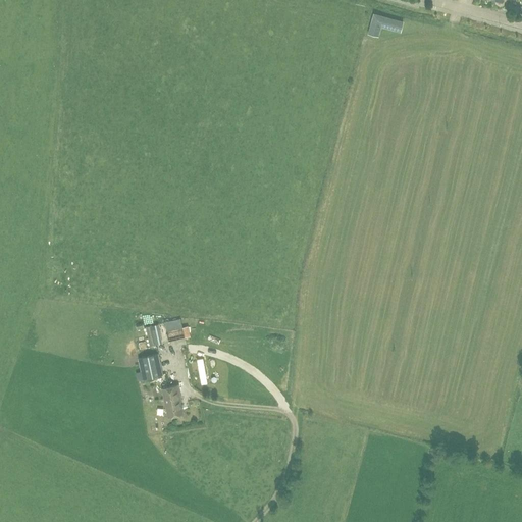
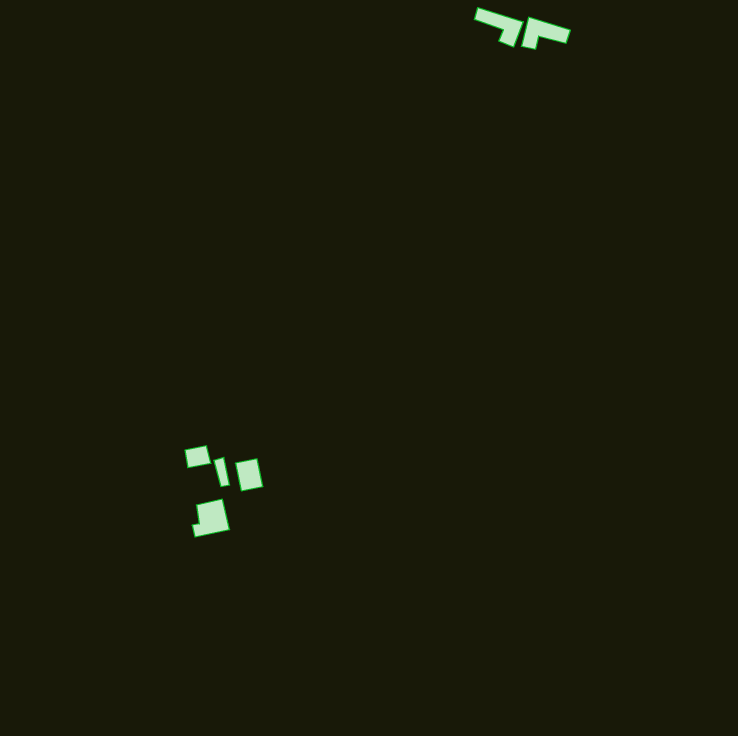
building: none -> [474,8,523,47]
building: [161,384,182,416] -> none

